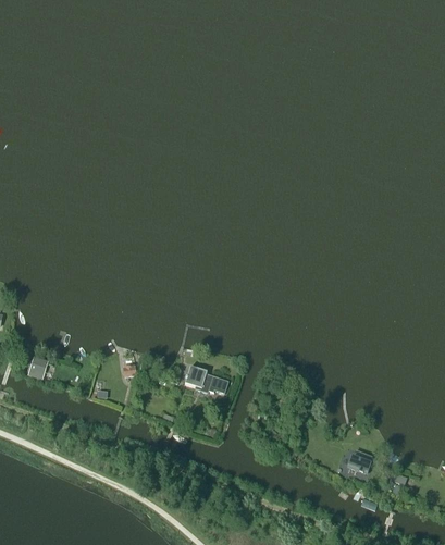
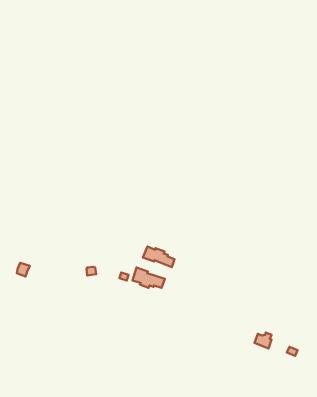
building: none -> [143,246,175,267]

